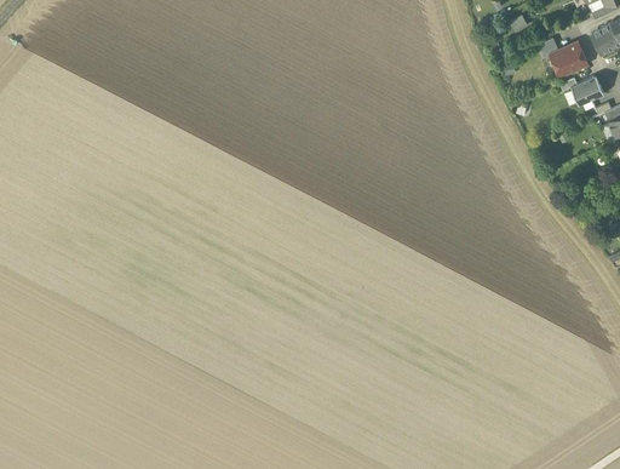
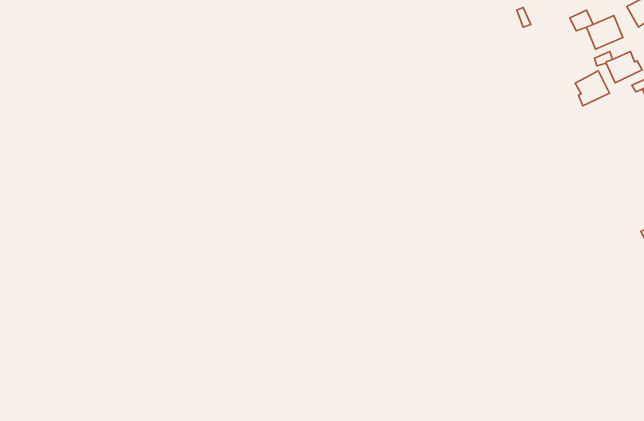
building: none -> [575,71,609,106]

